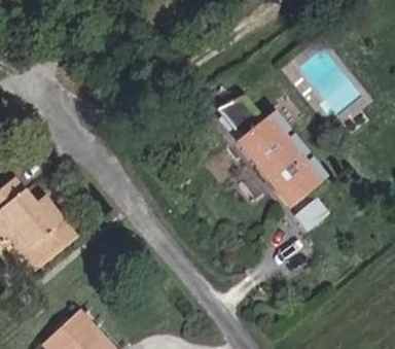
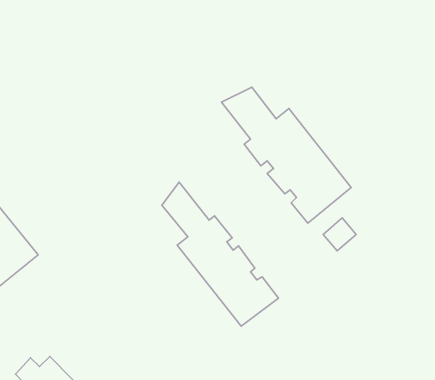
building: none -> [162,182,279,326]

